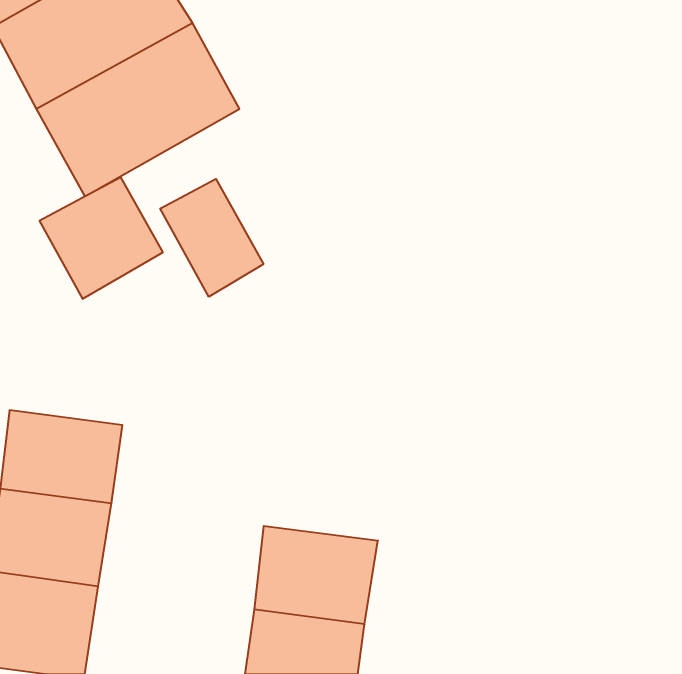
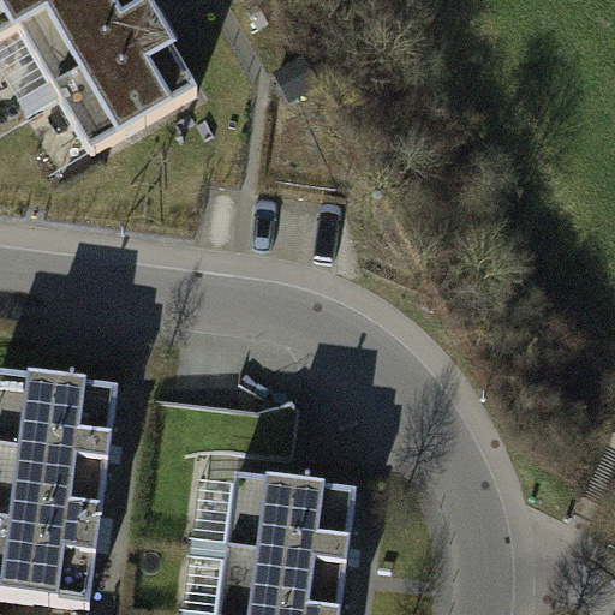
building: [40,177,163,299] -> none
building: [160,179,263,297] -> none

